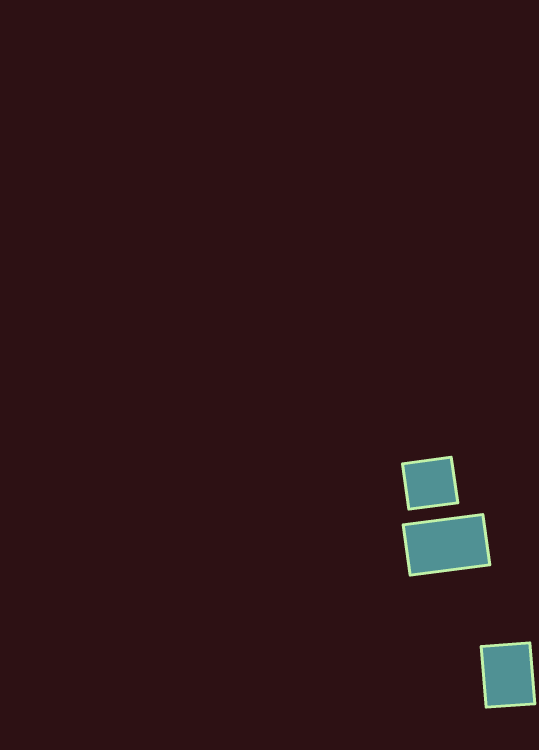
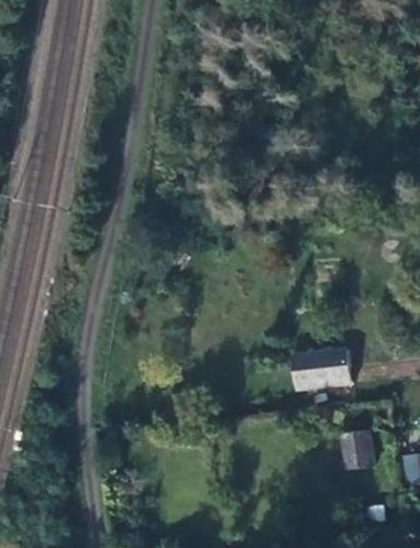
building: [402,457,458,509] -> none

